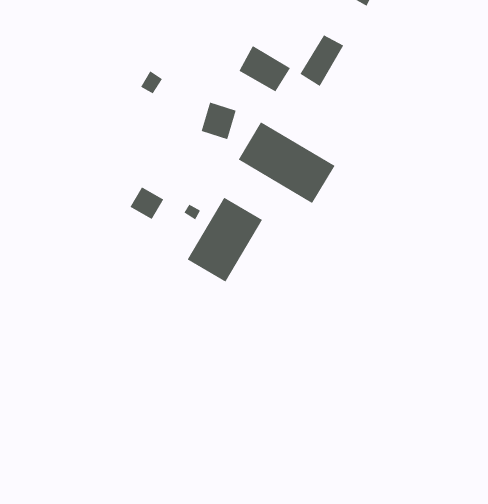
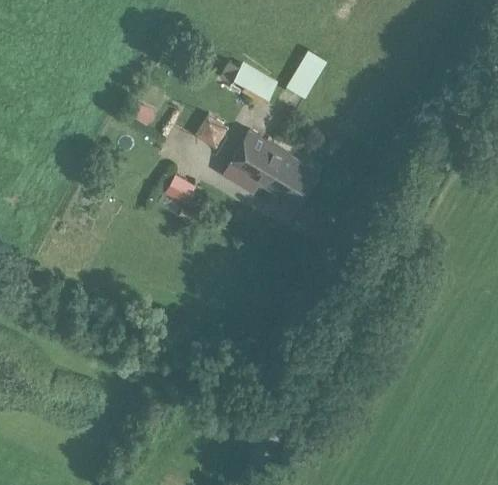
building: [129,186,164,220] -> [163,173,195,204]
building: [187,197,263,282] -> none

